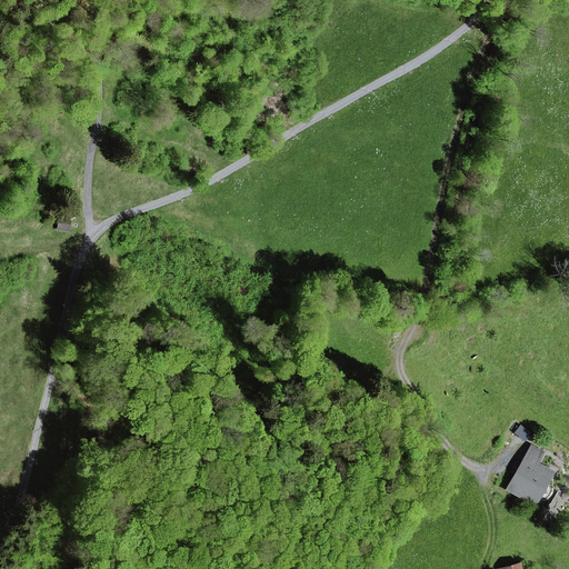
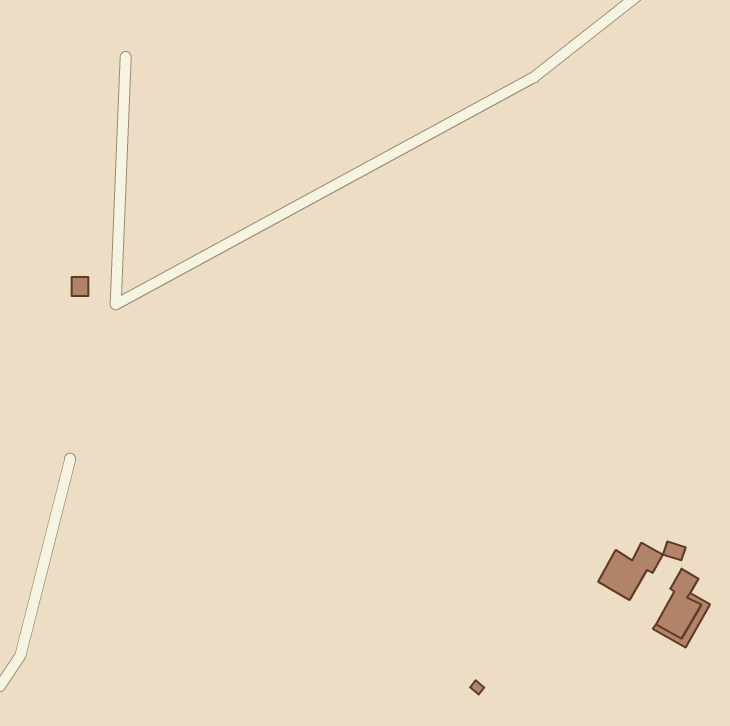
building: none -> [598,543,663,600]

